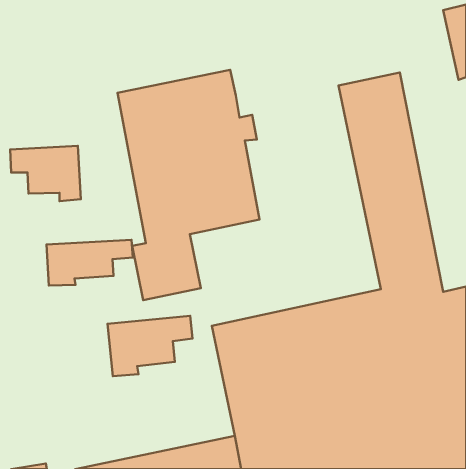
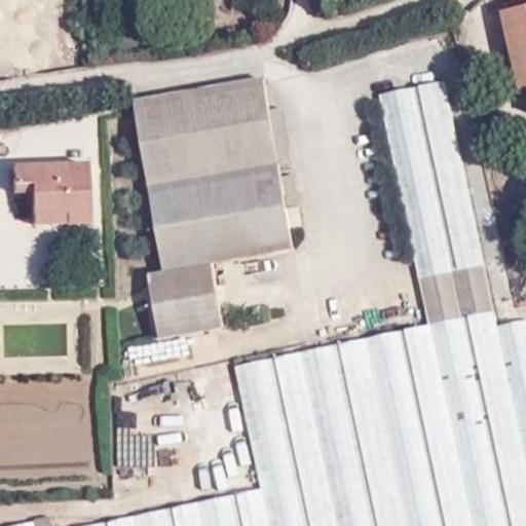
building: [46,240,133,286] -> none
building: [108,316,193,376] -> none

